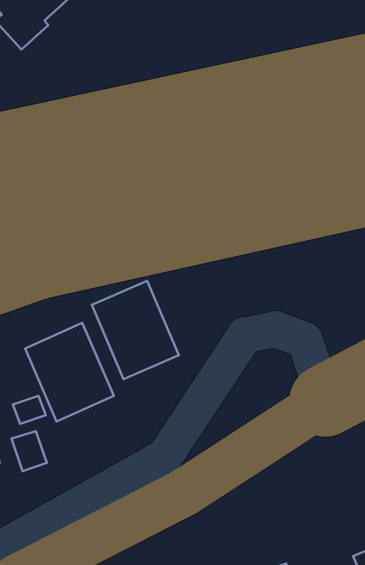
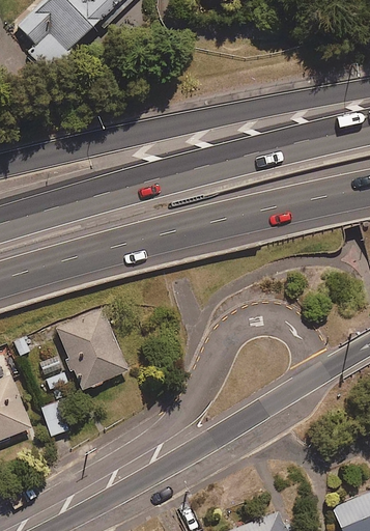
building: [92,281,179,379] -> none

